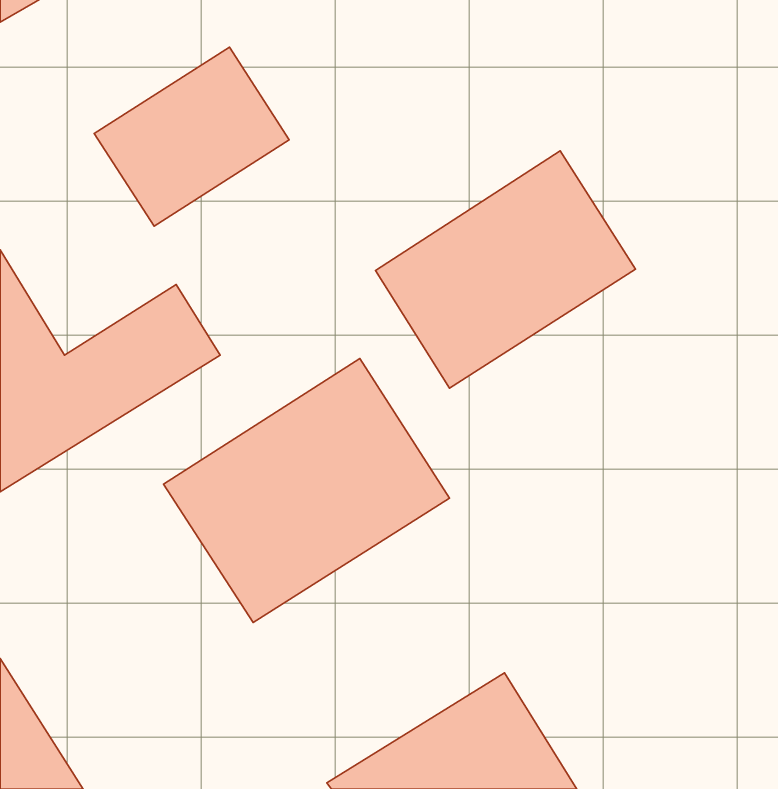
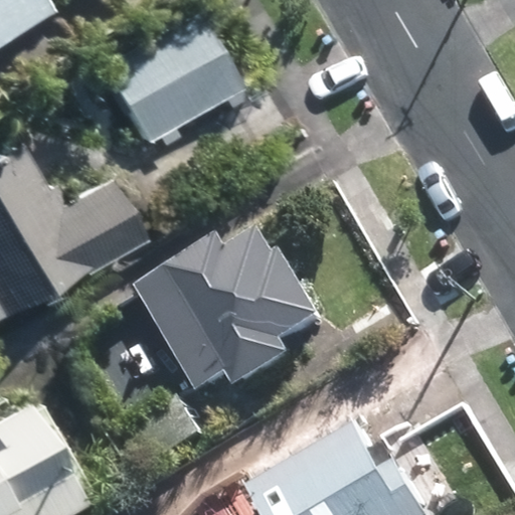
building: [375,151,636,388] -> none

